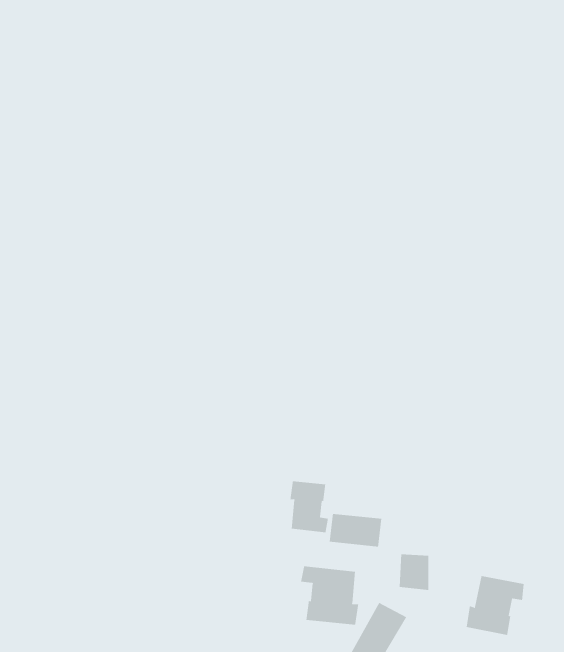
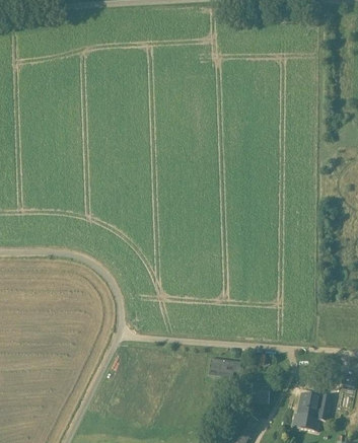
building: [290,480,329,533] -> none
building: [300,566,359,625] -> none

